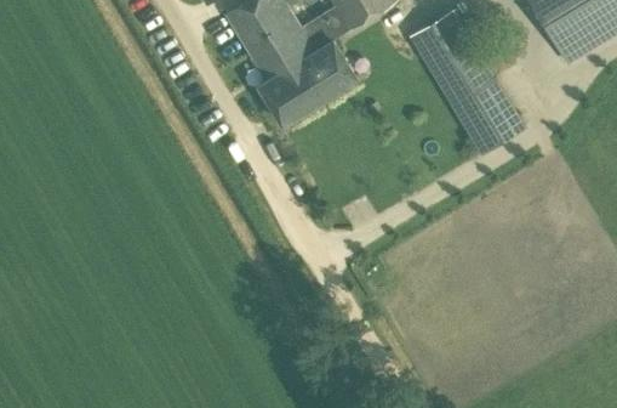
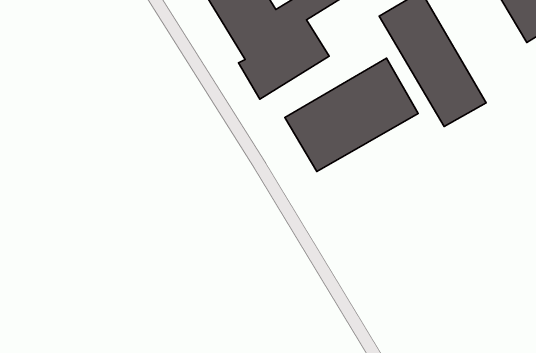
building: none -> [285,58,418,171]

